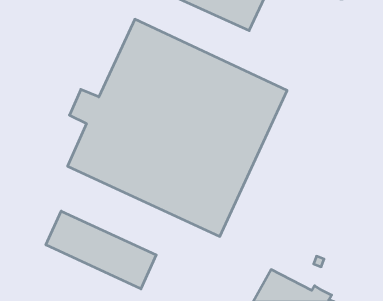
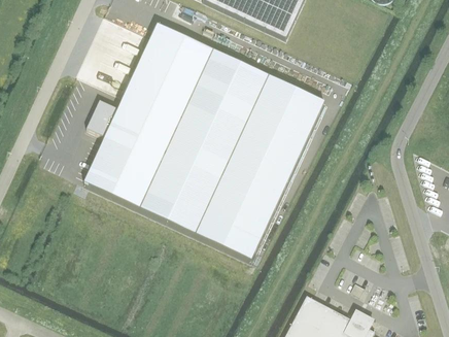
building: [46,211,156,289] -> none

